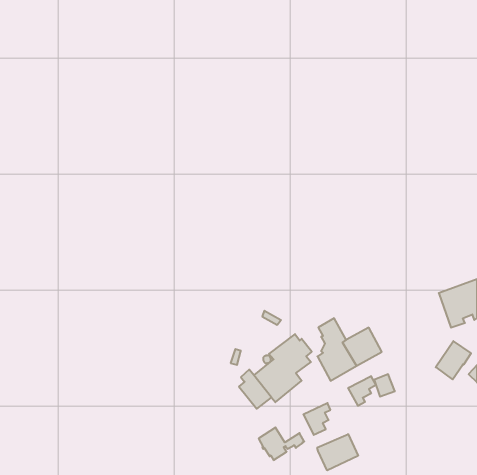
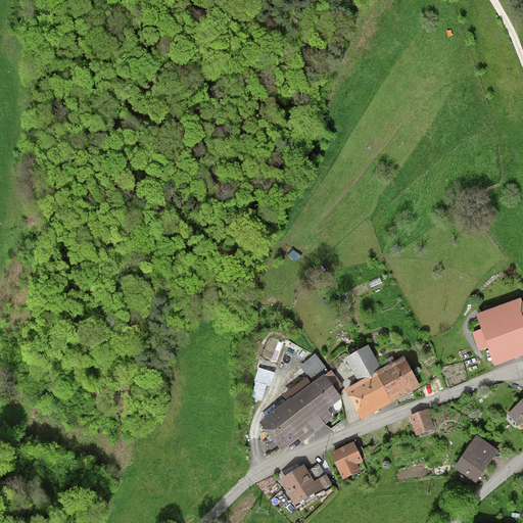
building: [436,341,471,379] -> [457,437,495,479]
building: [348,376,376,406] -> none
building: [317,434,358,470] -> none

